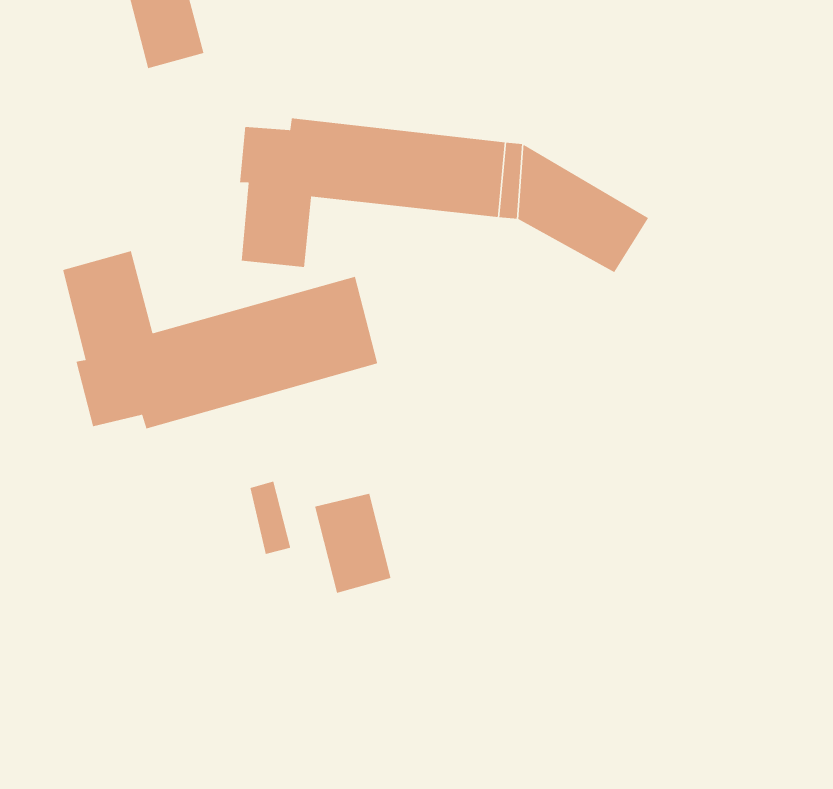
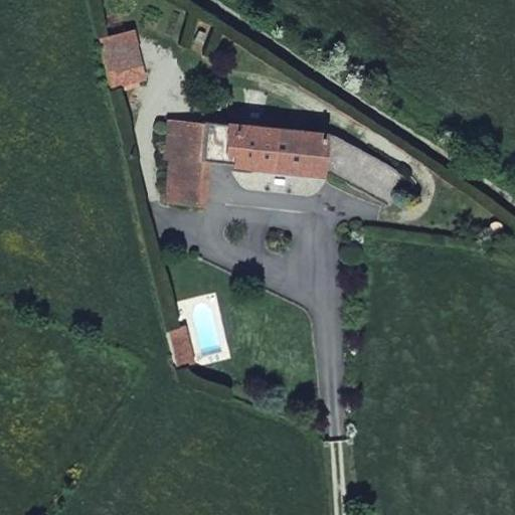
building: [62,250,378,429] -> none
building: [314,493,392,594] -> none

